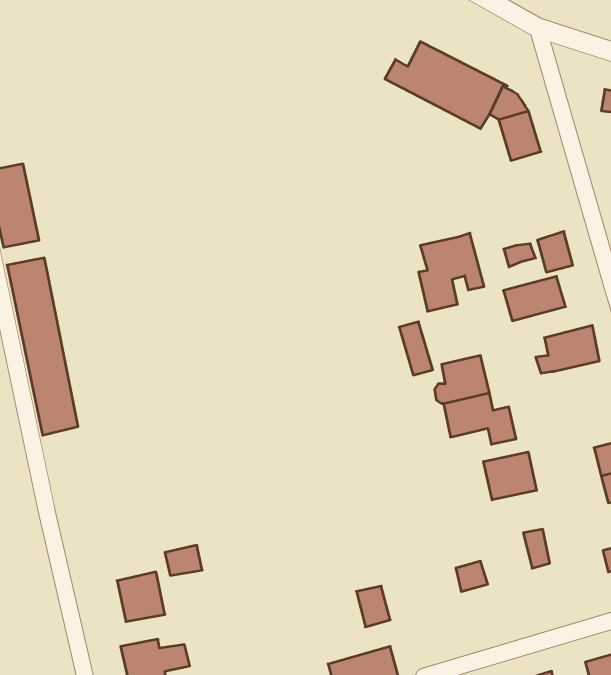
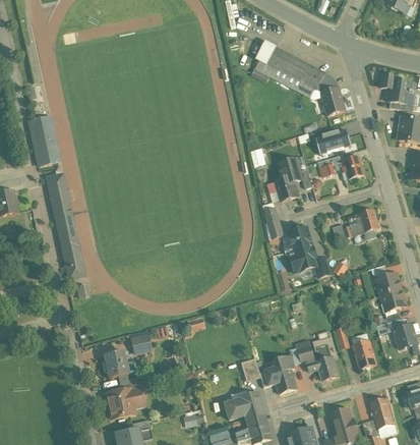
building: [503,276,566,321] -> [312,126,348,152]
building: [484,452,537,500] -> none
building: none -> [353,339,377,369]
building: none -> [263,354,297,394]
building: none -> [305,355,338,380]

